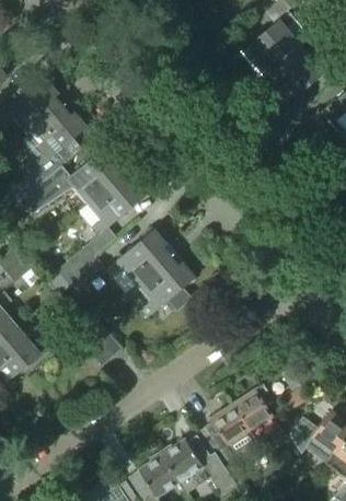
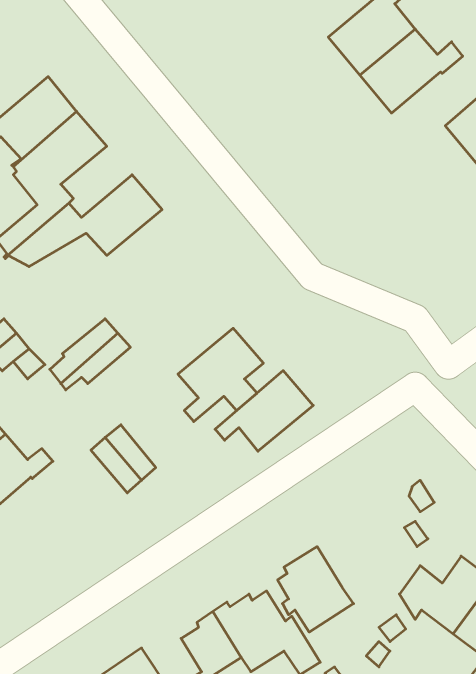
building: [88,171,146,236] -> none
building: [107,229,175,284] -> [215,371,313,451]
building: [233,388,274,432] -> none

